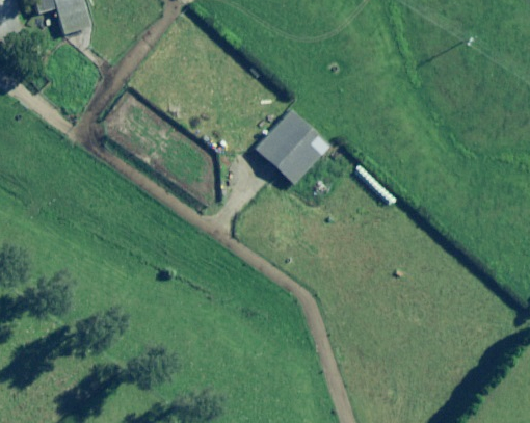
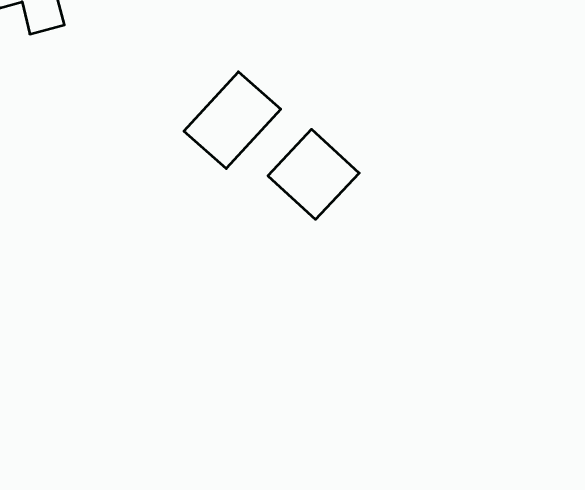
building: none -> [184,72,281,169]

